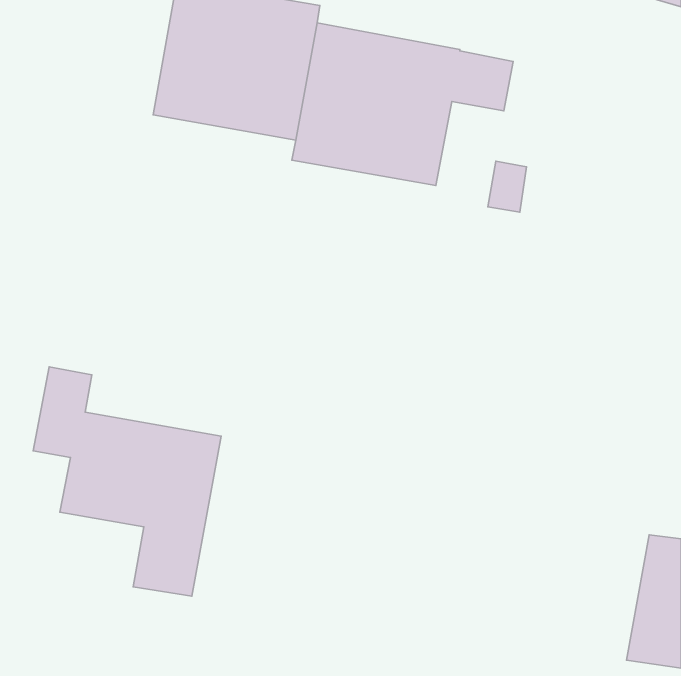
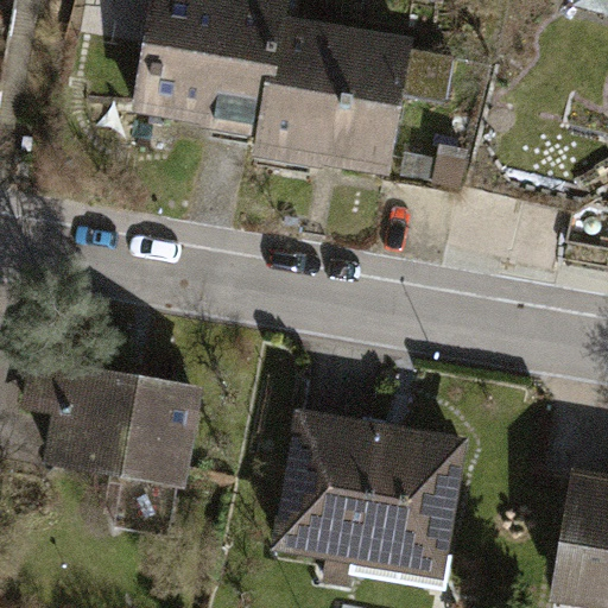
building: none -> [280,413,461,578]

